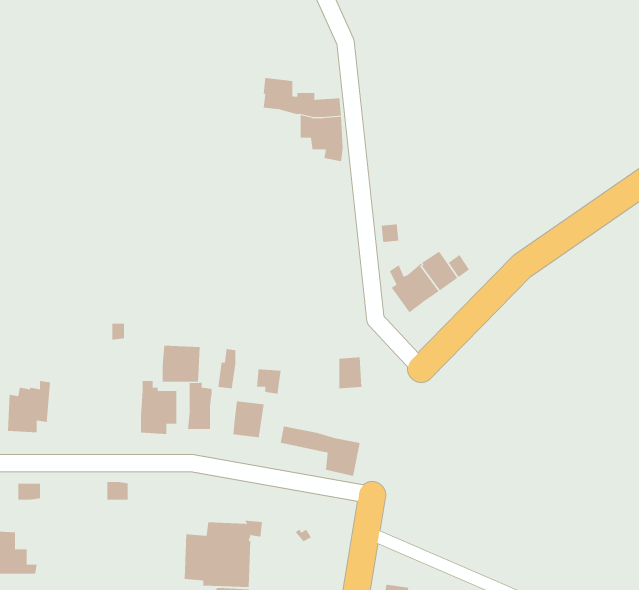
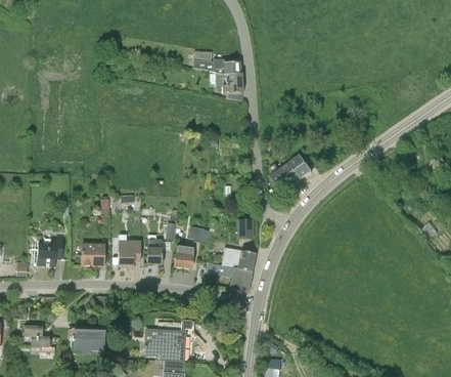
building: [162,345,201,382] -> [81,243,104,265]
building: none -> [226,248,255,271]
building: none -> [67,326,104,352]

